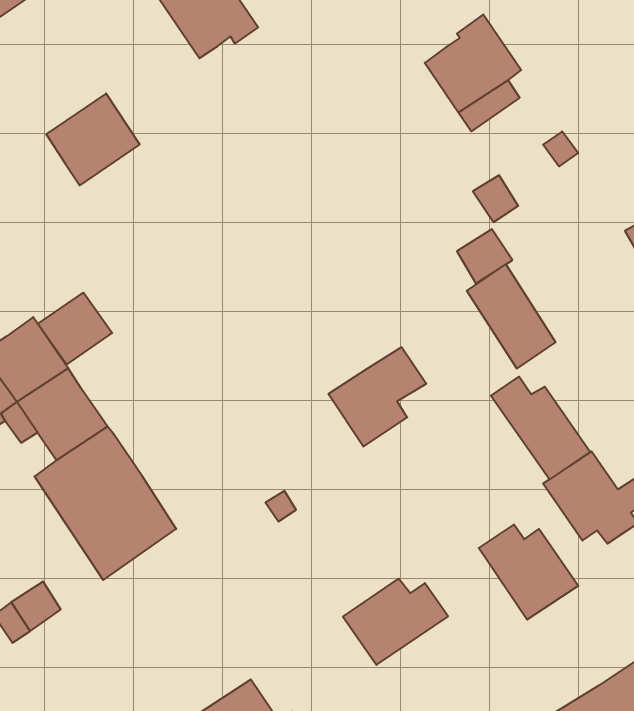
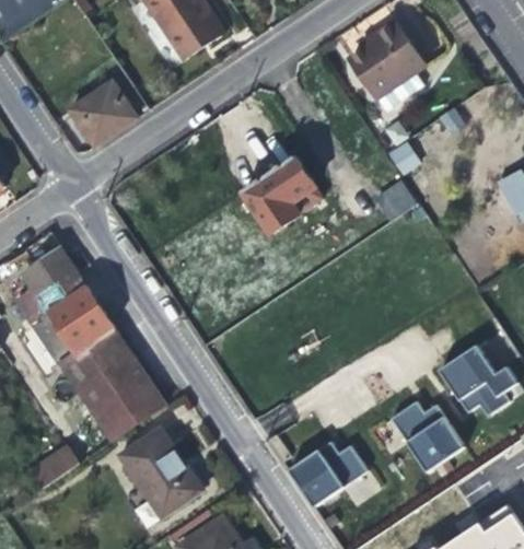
building: [467,264,556,369] -> none
building: [38,293,112,364] -> none
building: [328,347,426,447] -> [242,160,315,234]
building: [491,377,590,479] -> none
building: none -> [118,427,201,517]

